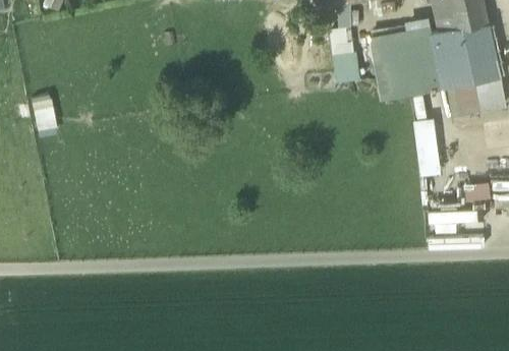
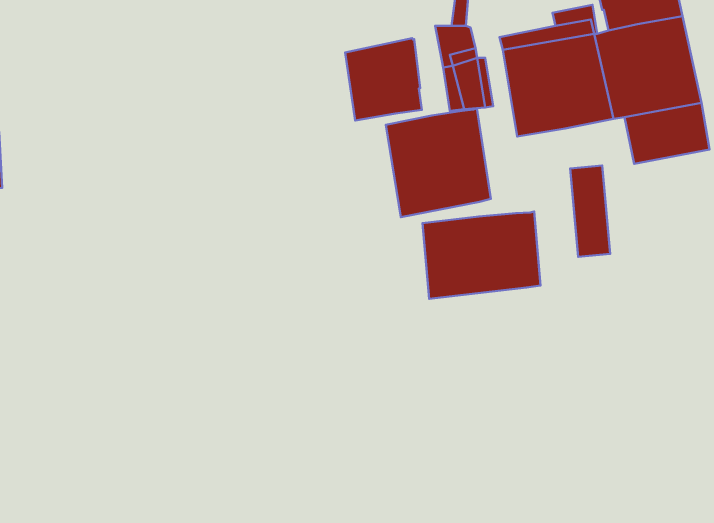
building: none -> [345,38,422,121]
building: none -> [386,108,491,217]
building: none -> [422,211,540,299]

